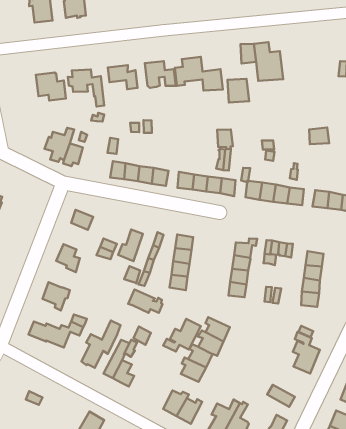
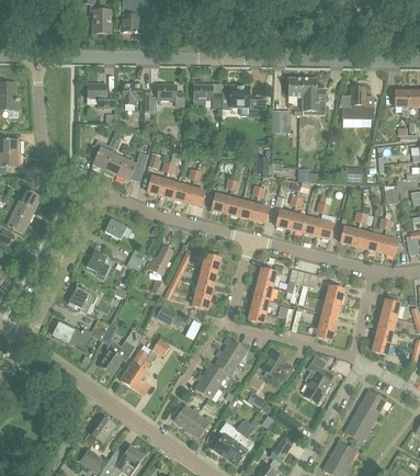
building: none -> [341,87,372,120]
building: none -> [115,152,147,181]
building: [163,319,201,352] -> none
building: none -> [262,351,292,379]

